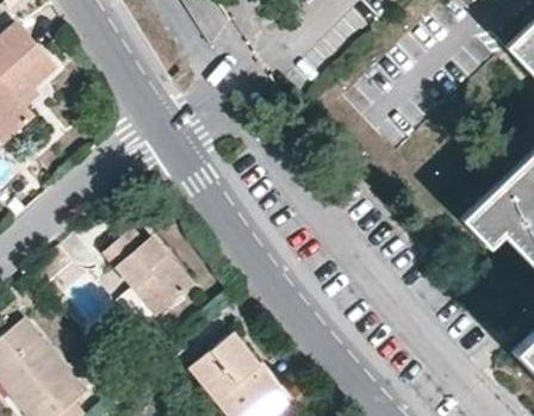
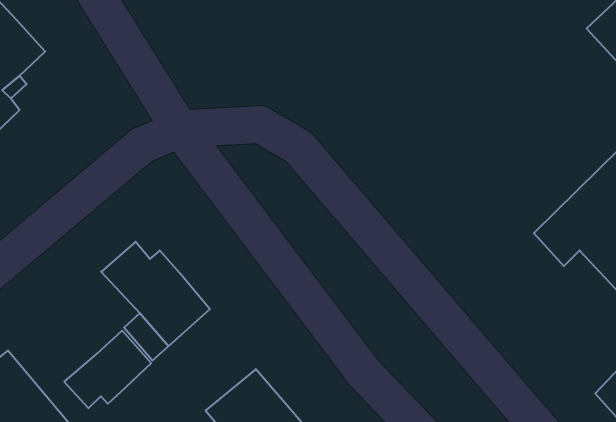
building: none -> [64,331,151,408]

